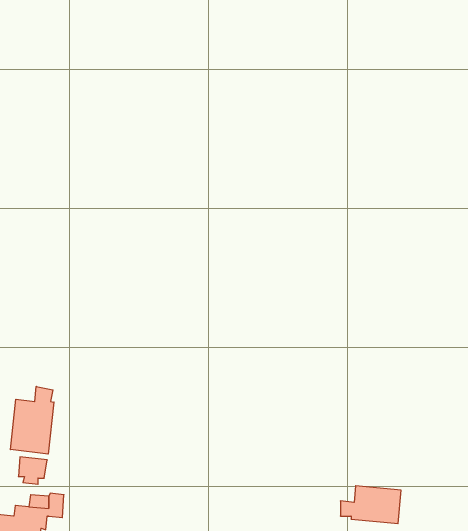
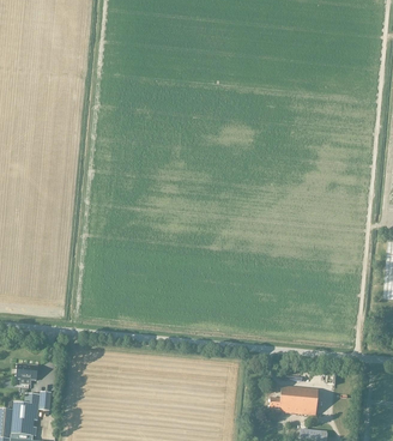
building: [10,386,54,454] -> none

